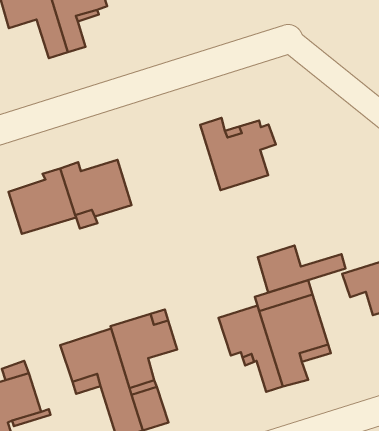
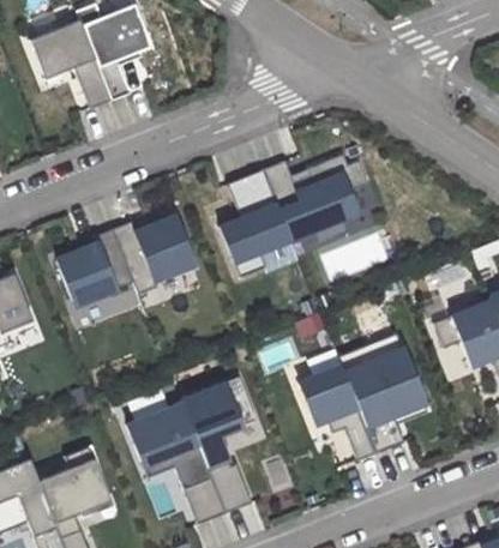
building: none -> [222,169,291,276]
building: [258,245,345,293] -> none

